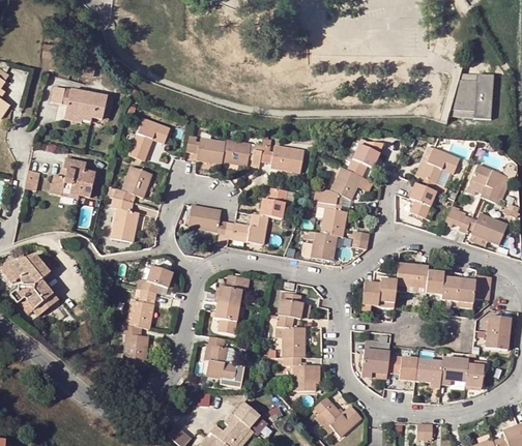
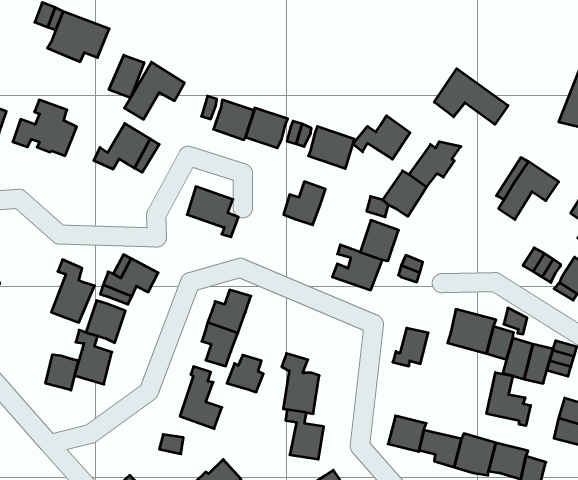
building: none -> [434,69,508,124]
building: none -> [109,55,144,98]
building: none -> [353,116,410,159]
building: [408,183,434,217] -> none
building: [110,197,139,241] -> [51,260,95,322]
building: [223,213,268,244] -> none
building: [378,279,397,309] -> none
building: [278,294,303,320] -> [227,355,263,392]
building: none -> [487,372,531,426]
building: none -> [46,355,78,390]

